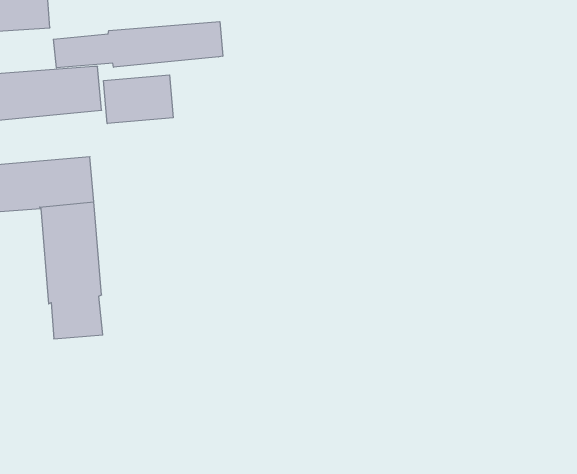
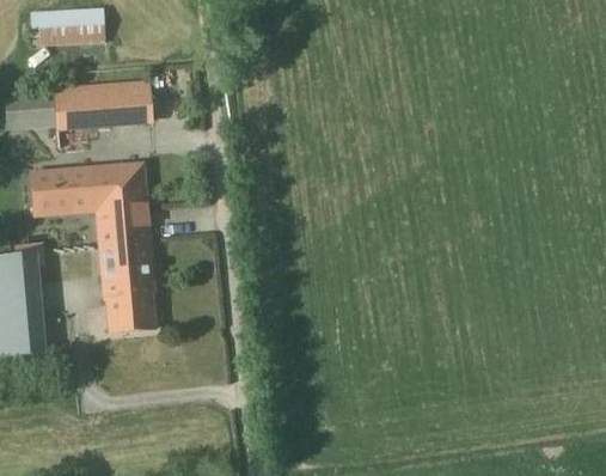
building: [53,22,223,68] -> none
building: [104,75,173,124] -> none

